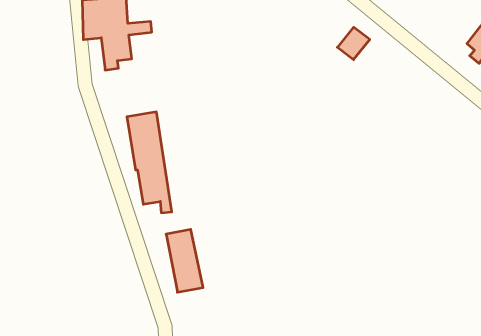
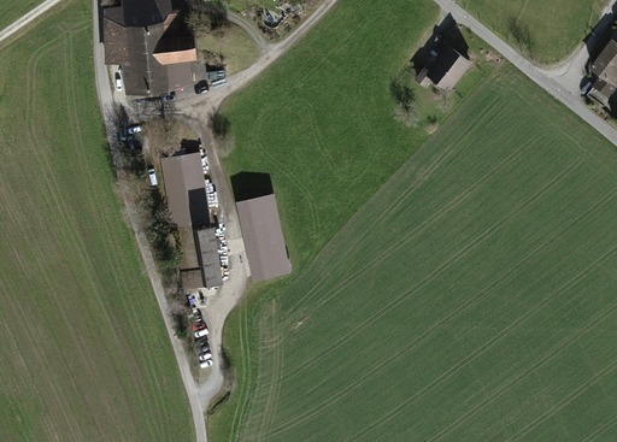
building: none -> [164,53,188,86]
building: [166,229,203,292] -> [240,195,287,275]

